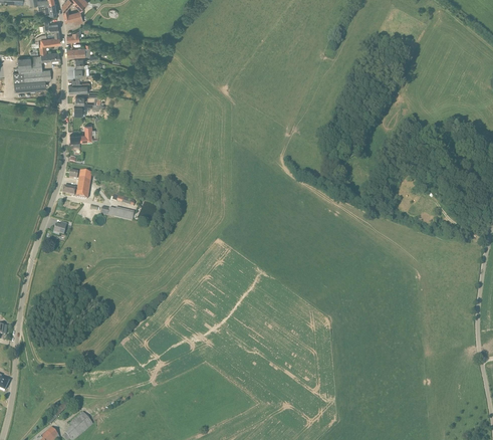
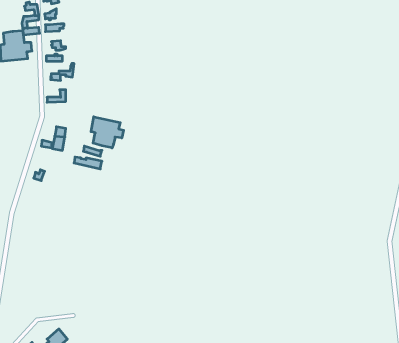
building: none -> [91,117,124,148]

